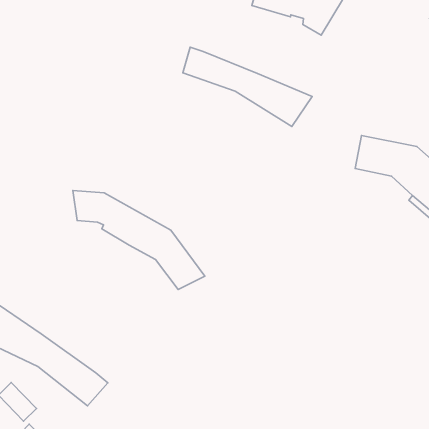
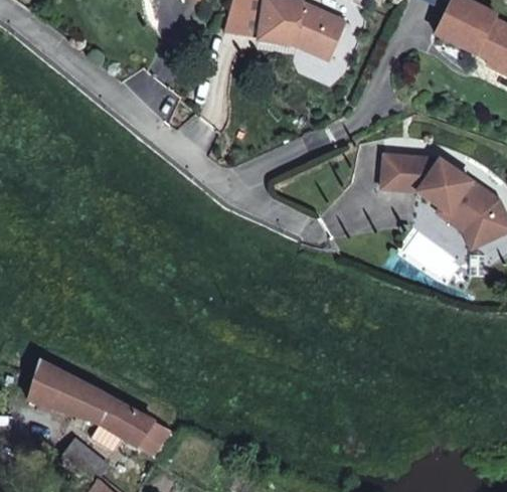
building: [183,47,312,127] -> none
building: [73,191,205,289] -> none

